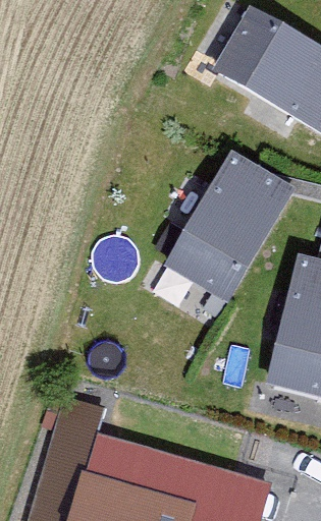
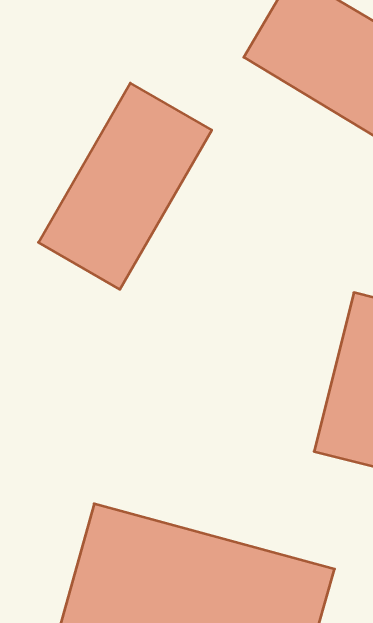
building: none -> [38,83,212,289]
building: [162,148,296,304] -> none

